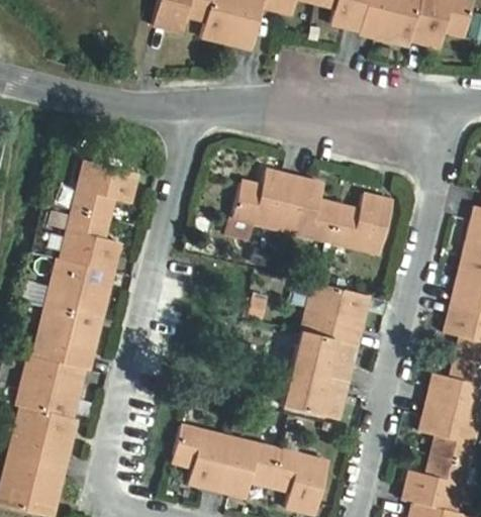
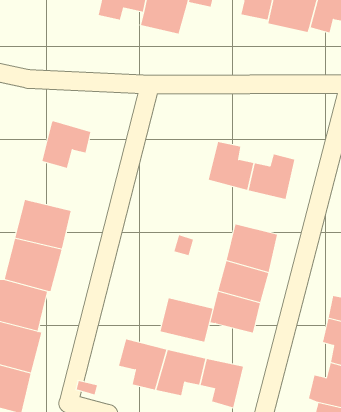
building: [229,173,294,228] -> none
building: [64,205,119,267] -> none
building: none -> [160,297,213,342]

